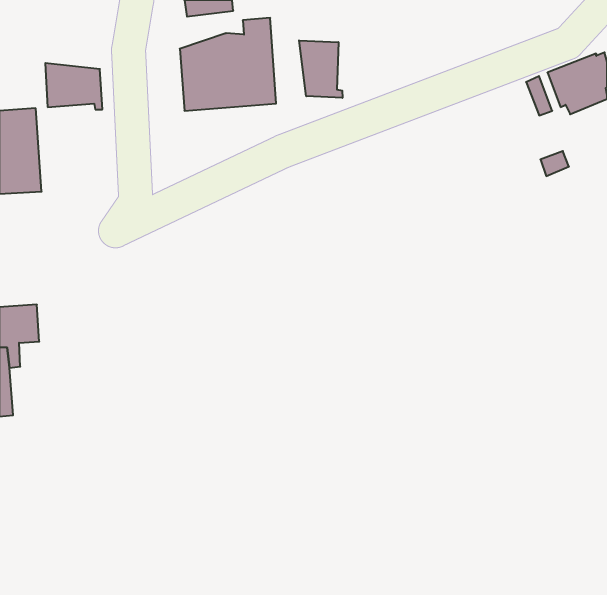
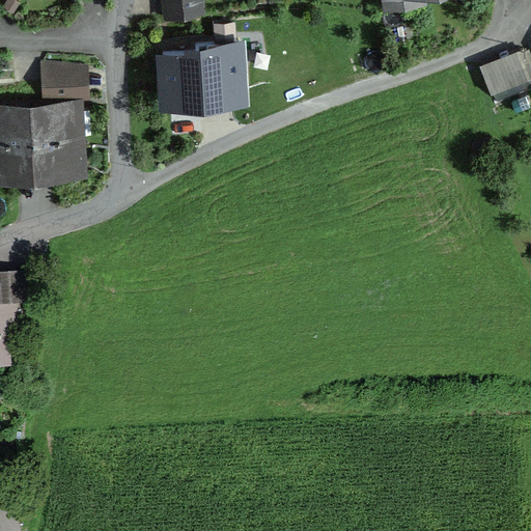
building: [299,40,342,98] -> none
building: none -> [31,102,87,178]

